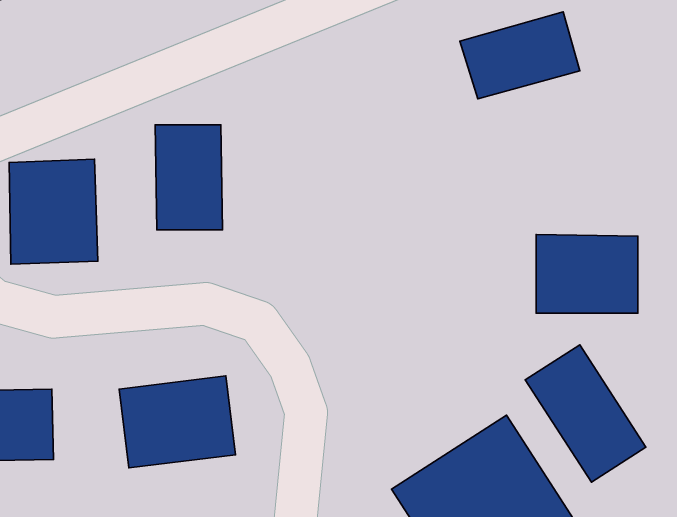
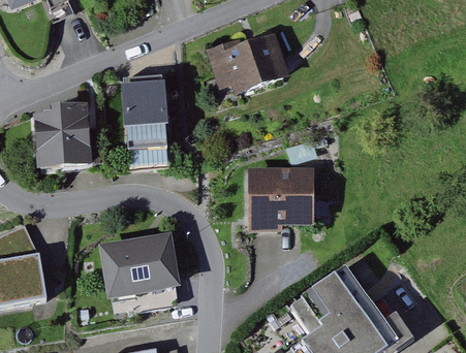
building: [460,12,580,99] -> [209,36,284,91]
building: [536,234,638,313] -> [248,174,312,224]
building: [525,345,646,482] -> none

